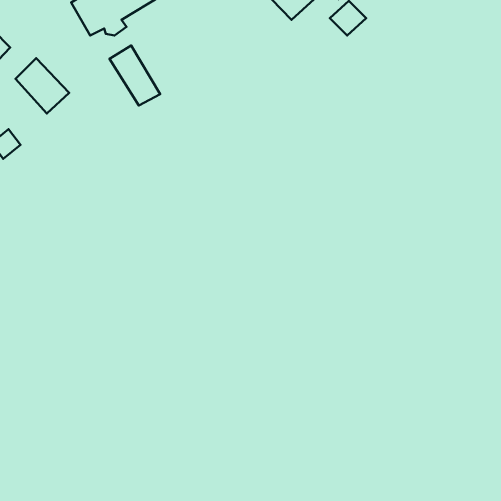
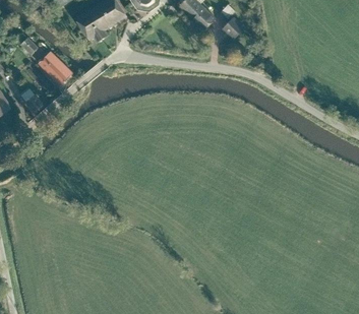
building: [110,45,160,106] -> none

